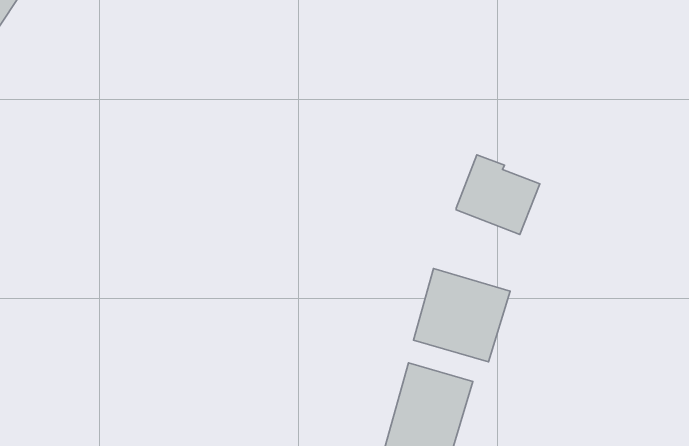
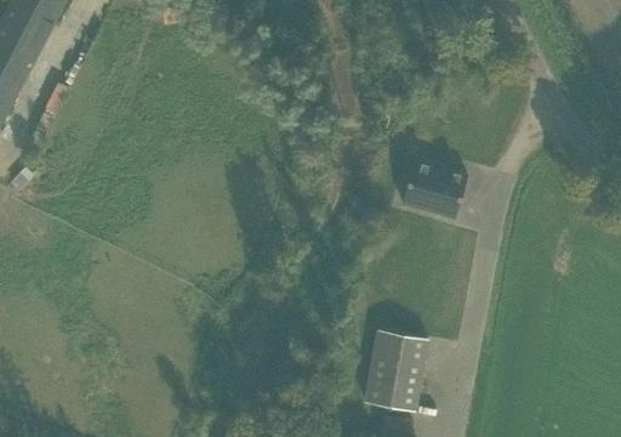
building: [413,269,510,362] -> none

